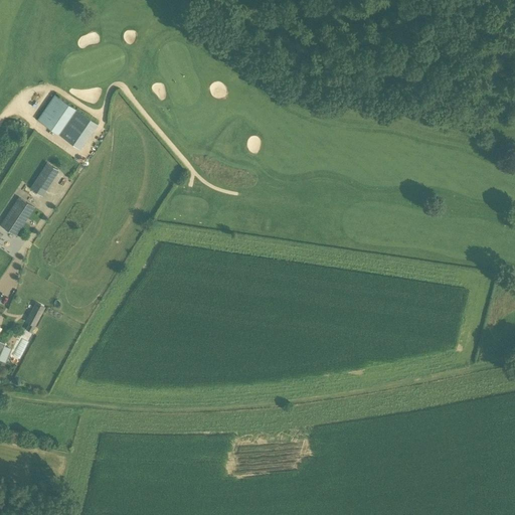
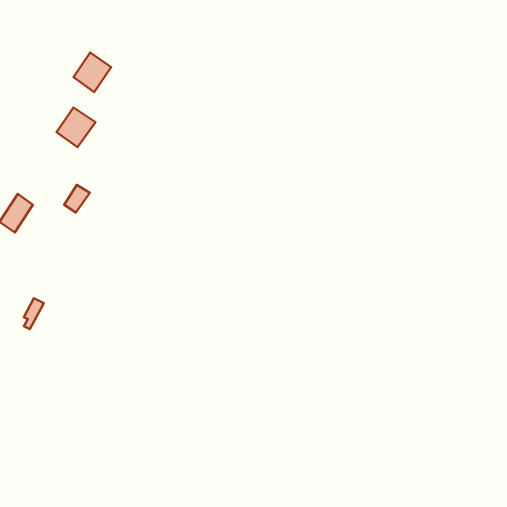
building: [36,95,74,135] -> [73,52,111,92]
building: [32,163,58,191] -> [64,185,90,213]

